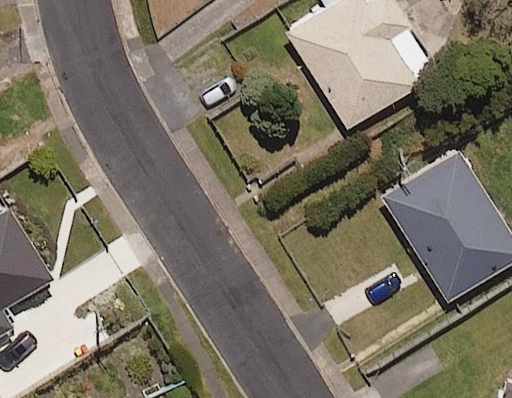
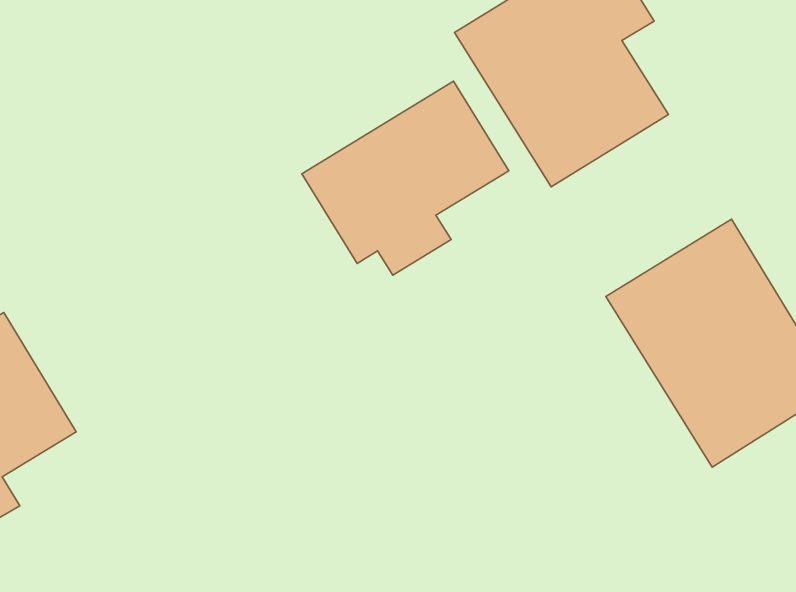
building: none -> [302,81,509,275]

